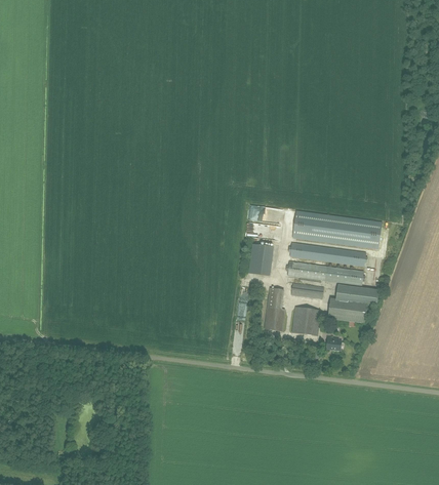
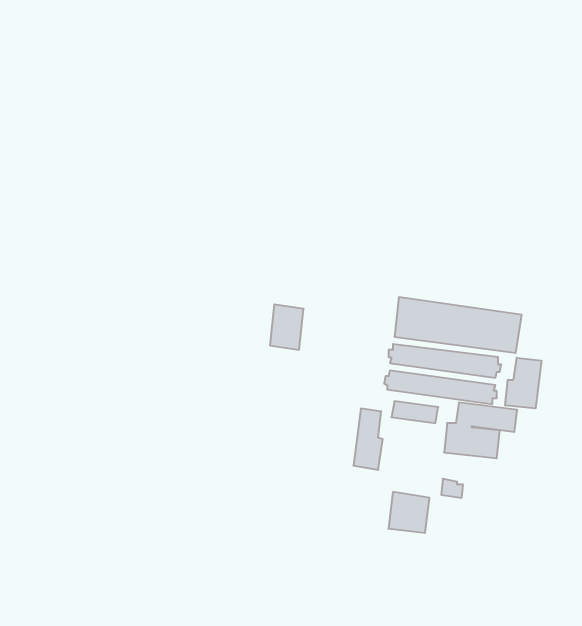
building: [248,244,272,276] -> [270,304,304,350]
building: none -> [505,358,542,408]
building: [291,307,320,335] -> [388,492,429,533]

